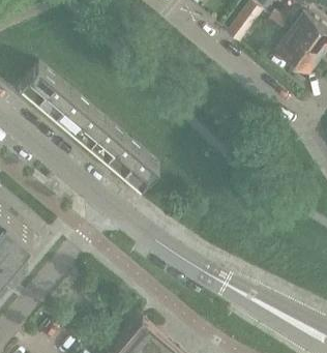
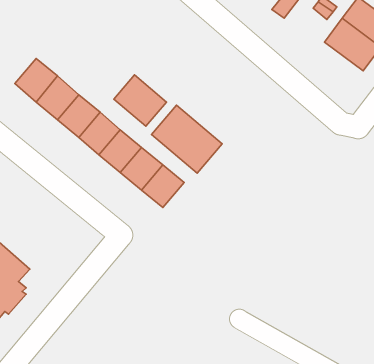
building: none -> [114,75,166,126]
building: none -> [152,105,222,173]

